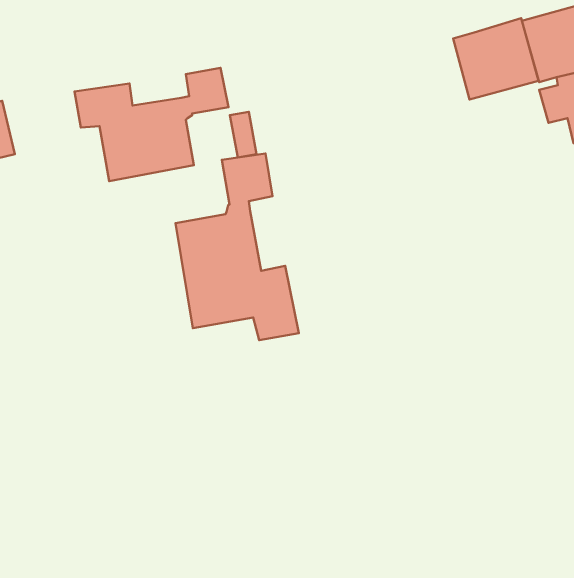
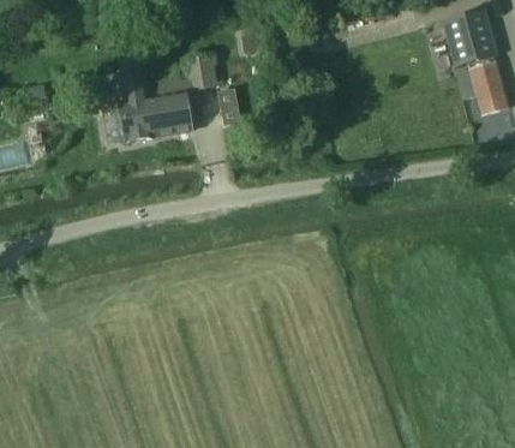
building: [453,18,538,100] -> none
building: [176,153,299,340] -> none

